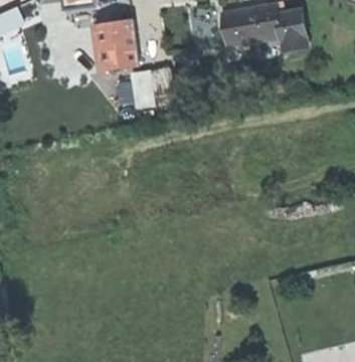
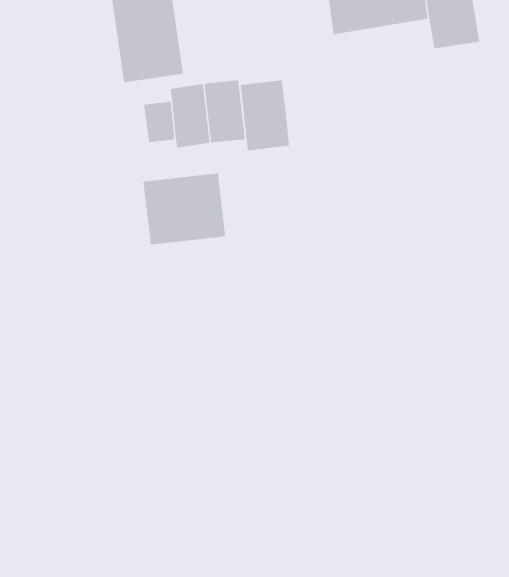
building: none -> [240,80,290,151]
building: none -> [143,172,226,246]

